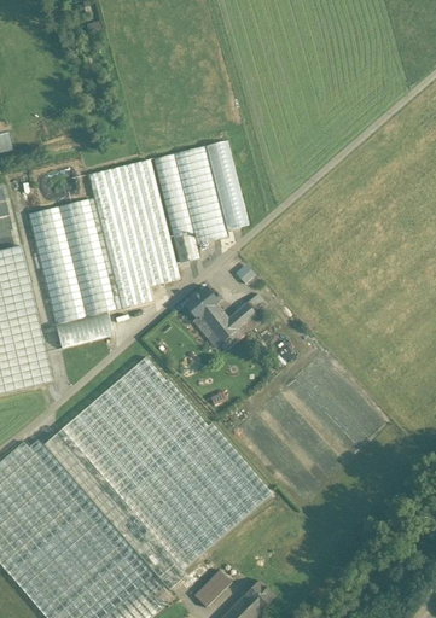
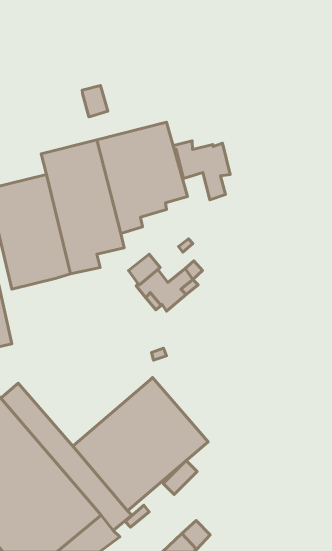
building: none -> [82,86,108,117]
building: none -> [174,141,230,200]
building: [54,313,109,348] -> none
building: [62,357,208,499] -> none
building: [193,570,231,607] -> [163,461,197,494]

